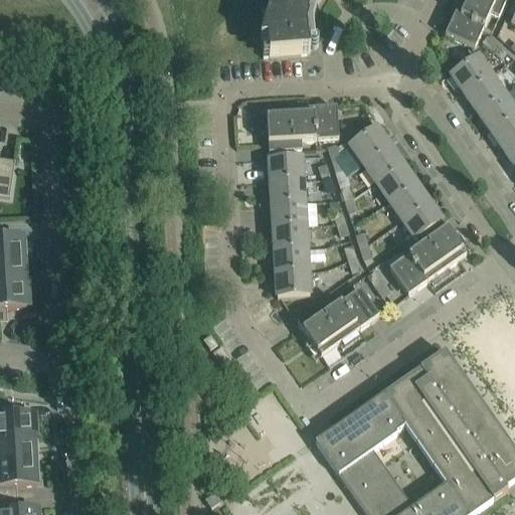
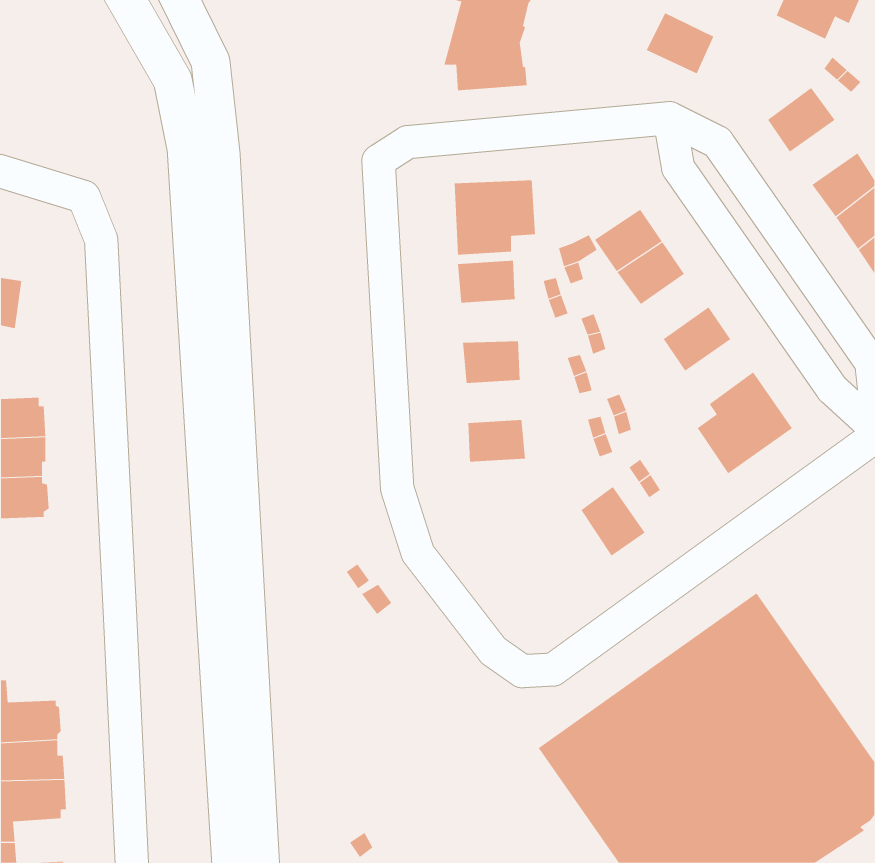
building: [445,9,485,45] -> [646,13,714,74]
building: [464,70,504,109] -> none
building: [313,104,339,138] -> none
building: [376,161,416,199] -> none
building: [271,176,305,201] -> none
building: [402,199,443,237] -> none
building: [274,223,307,248] -> none
building: [389,251,427,293] -> none
building: [276,270,310,295] -> none
building: [298,300,359,353] -> none

